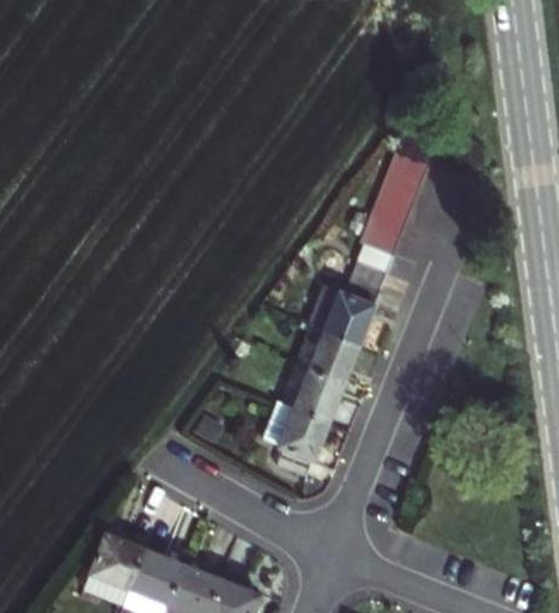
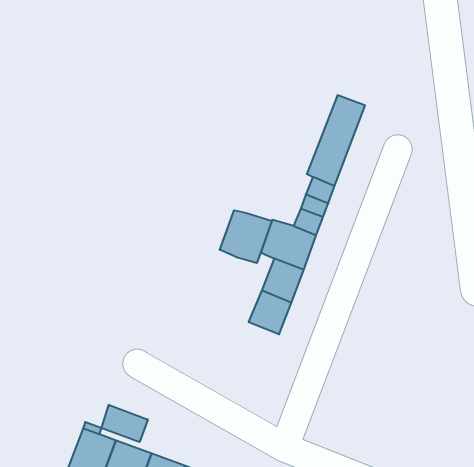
building: none -> [220,210,272,263]
building: [263,403,329,478] -> none
building: none -> [101,405,148,442]

